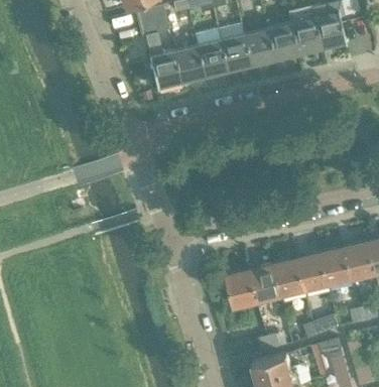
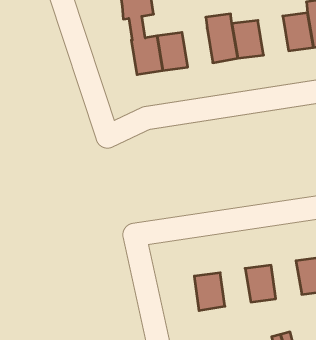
building: [267,22,298,60] -> none
building: [195,29,228,78] -> none
building: [298,252,330,289] -> none
building: [251,263,282,300] -> none

